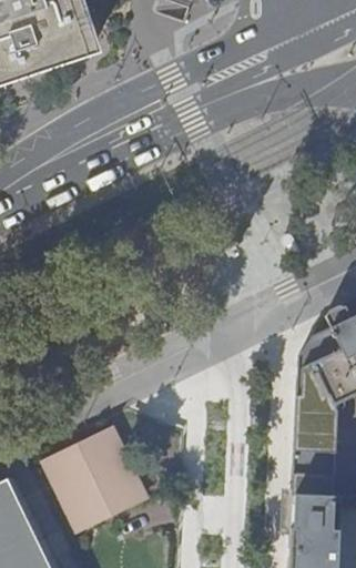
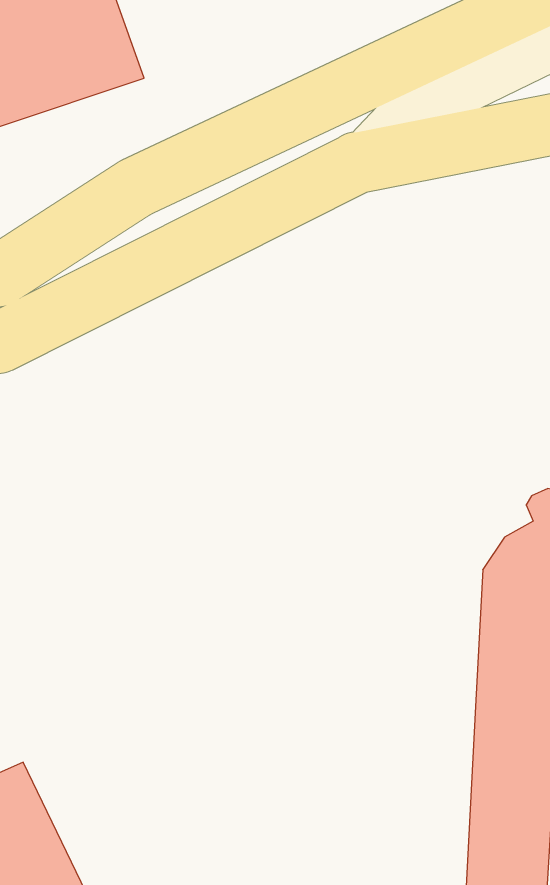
building: [50,436,141,528] -> none

